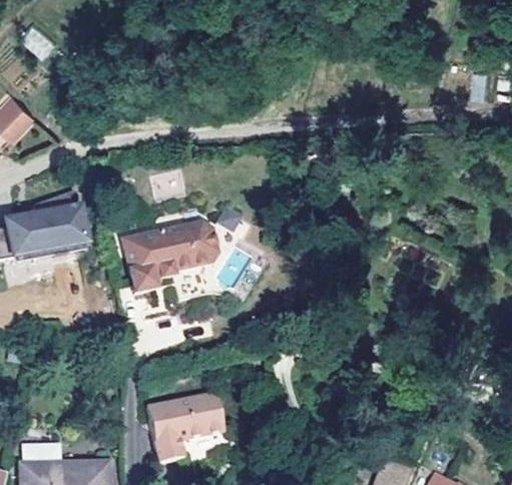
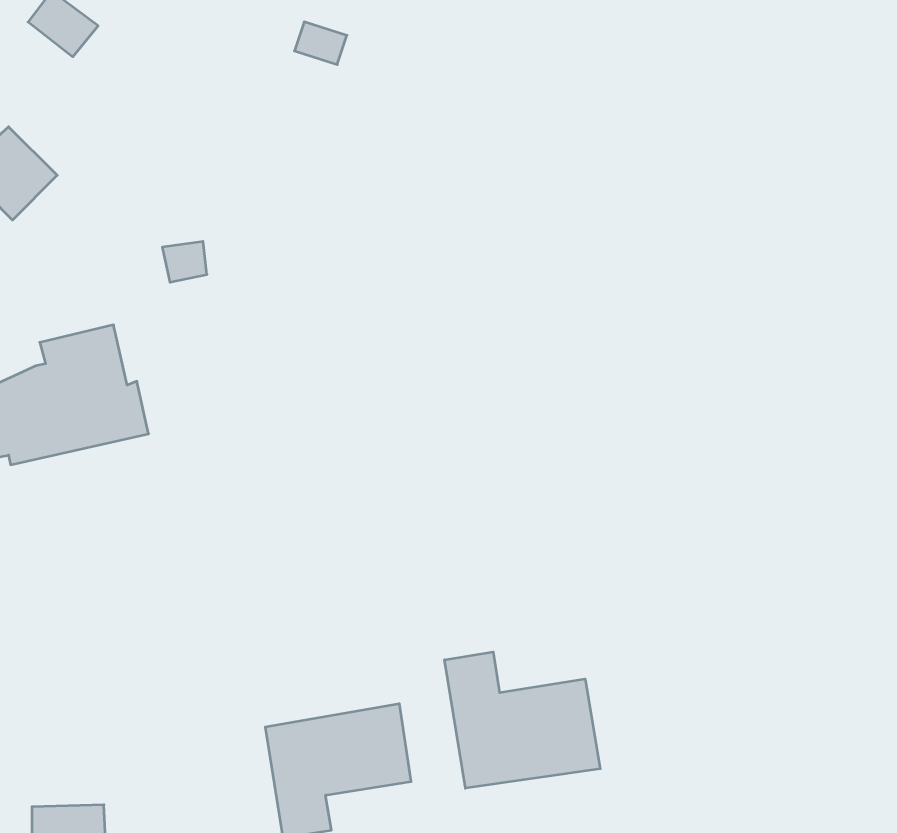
building: [124,219,220,288] -> none
building: none -> [445,652,600,788]

